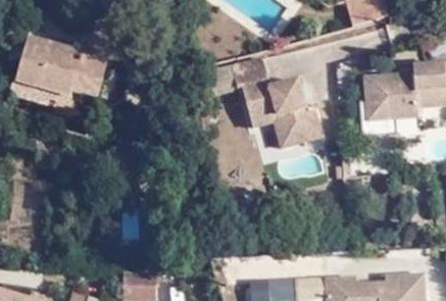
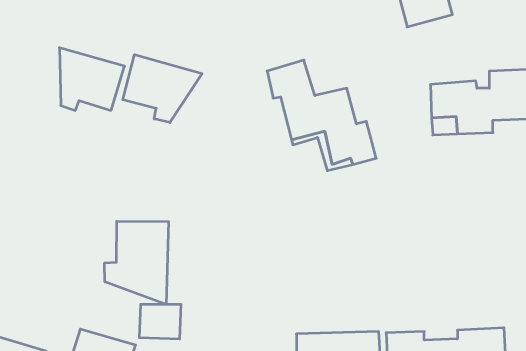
building: [16,37,57,93] -> none
building: none -> [123,55,202,123]
building: none -> [105,221,169,304]

